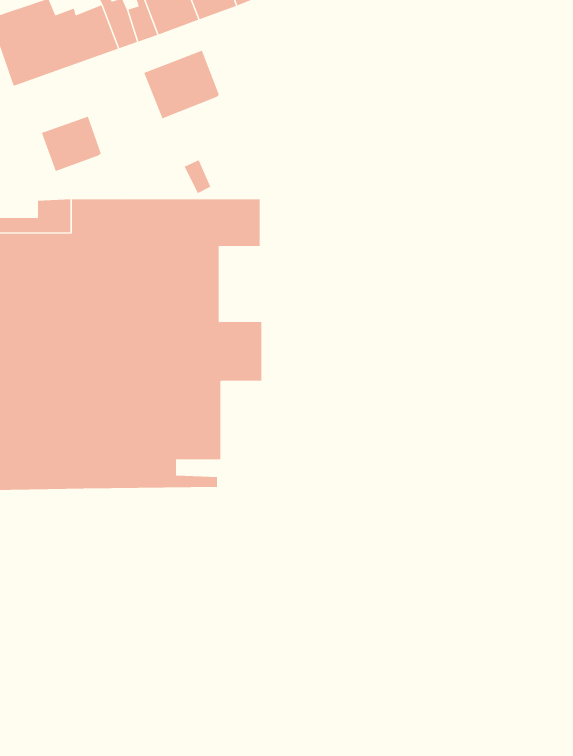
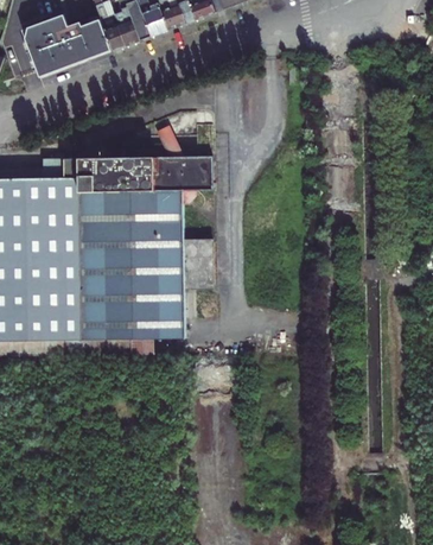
building: [143,50,219,119] -> none
building: [41,116,102,172] -> none

